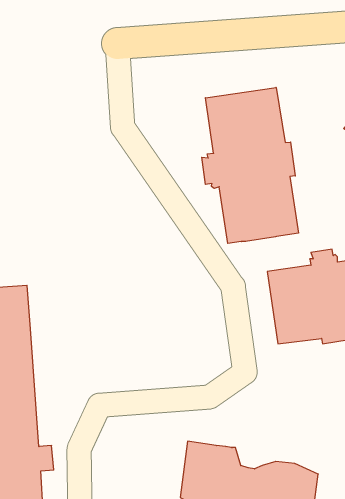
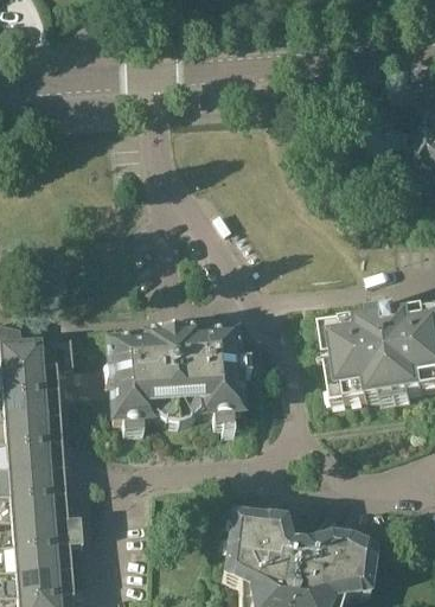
building: [202,87,298,243] -> none
building: none -> [104,325,245,432]

